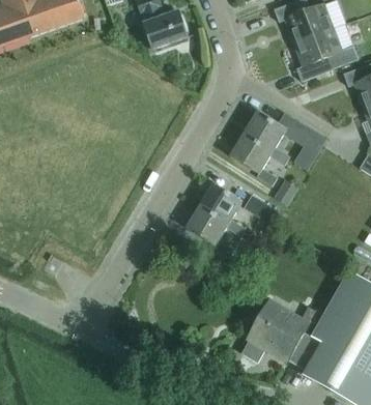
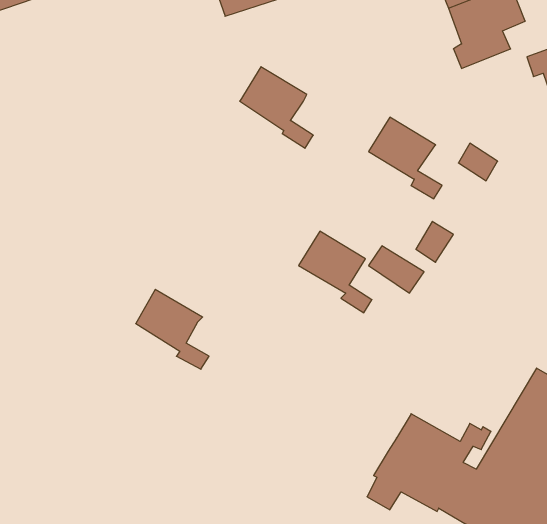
building: [230,133,277,184] -> [240,67,313,148]
building: [187,205,233,256] -> [136,289,209,369]

